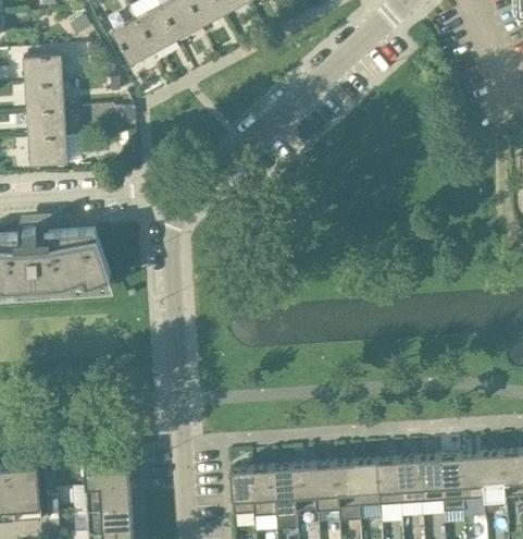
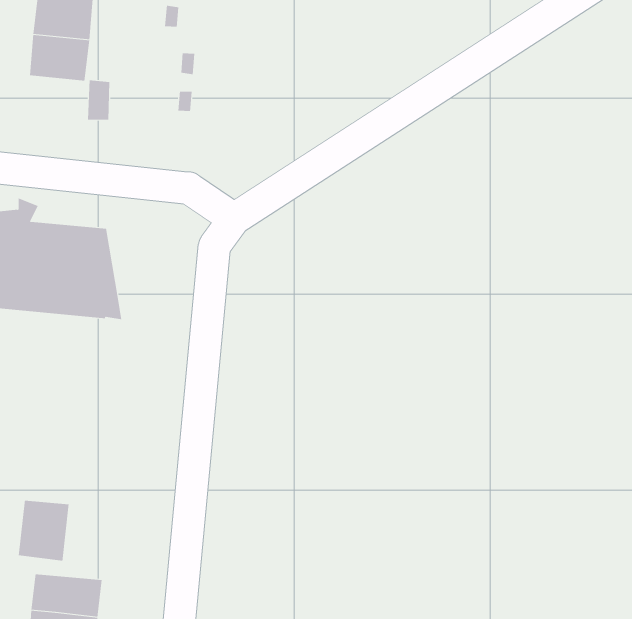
building: [27,137,66,167] -> none
building: none -> [18,500,69,562]

